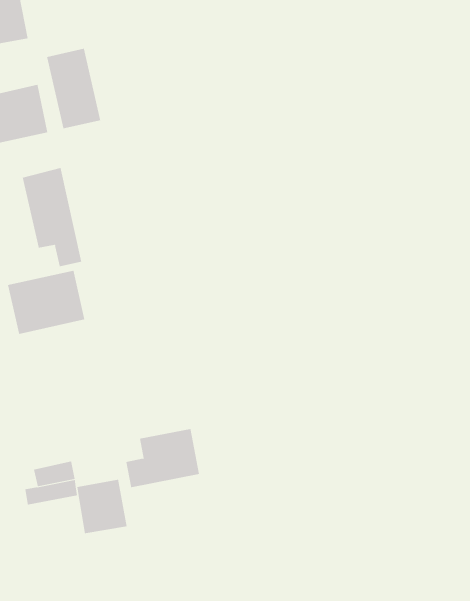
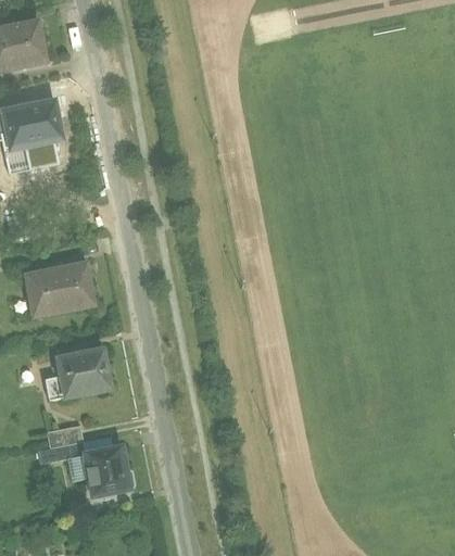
building: [46,48,101,129] -> none
building: [22,167,82,267] -> none
building: [126,429,200,488] -> [43,350,109,402]

